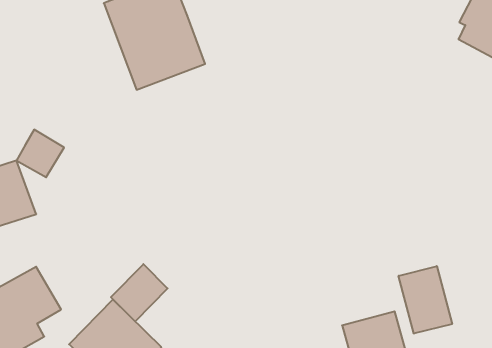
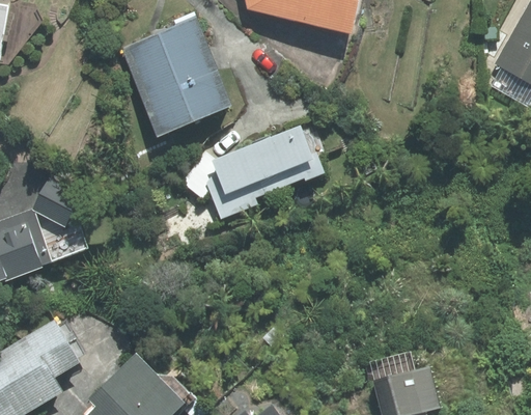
building: none -> [184,128,326,220]
building: [111,264,168,322] -> none
building: [399,266,452,334] -> none

